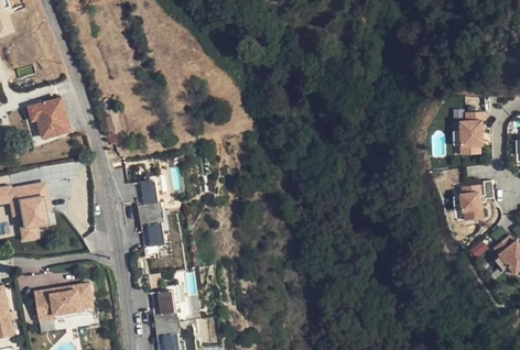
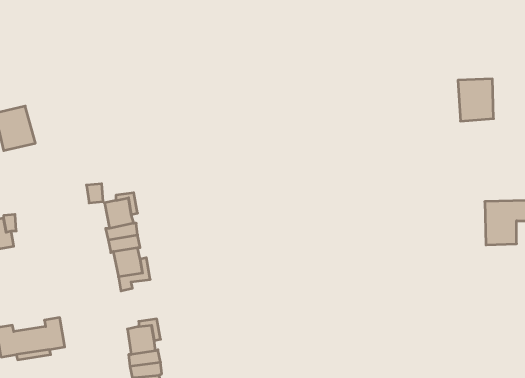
building: [454,118,485,154] -> [458,79,494,121]

